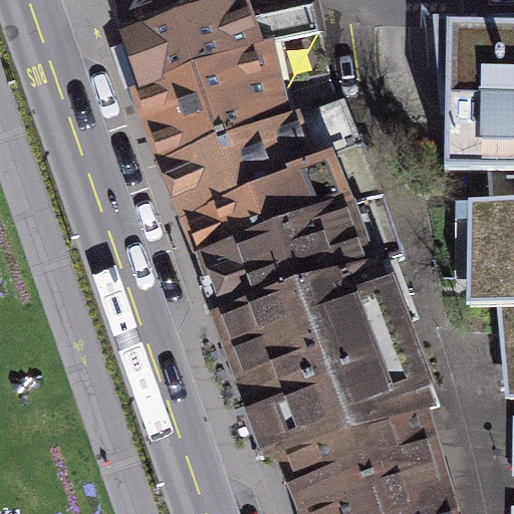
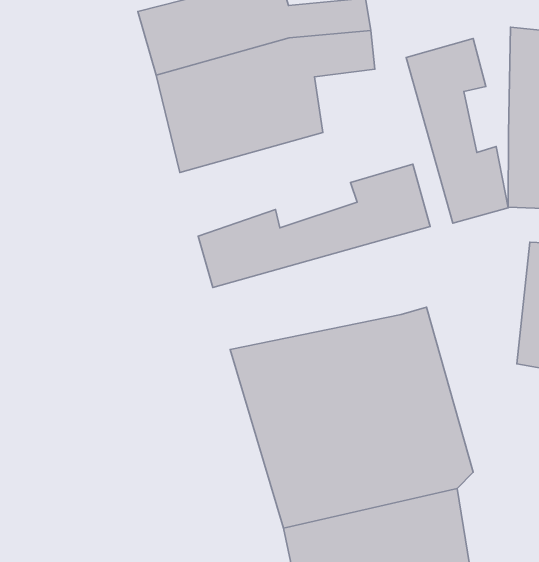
building: none -> [406,38,508,223]
building: [169,114,364,224] -> none
building: [205,199,396,317] -> none

